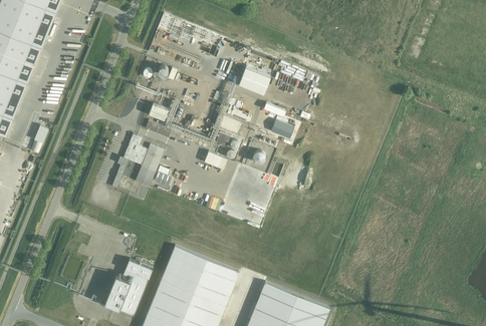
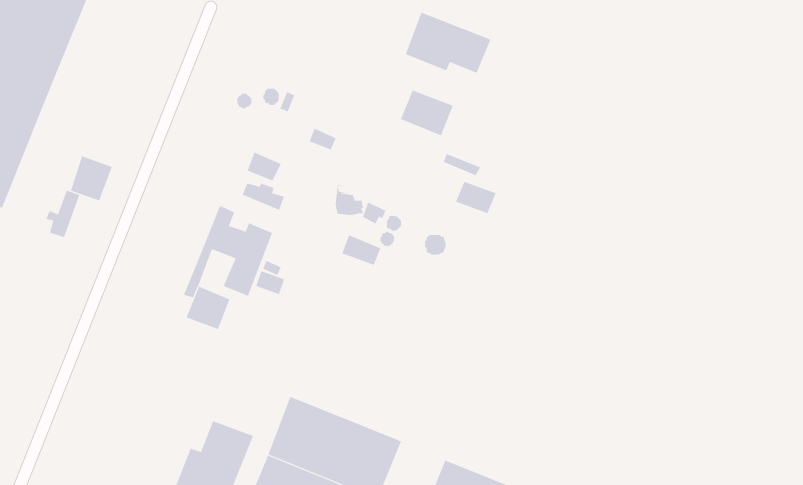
building: none -> [405,12,491,74]
building: none -> [70,156,112,201]
building: none -> [186,286,230,330]

